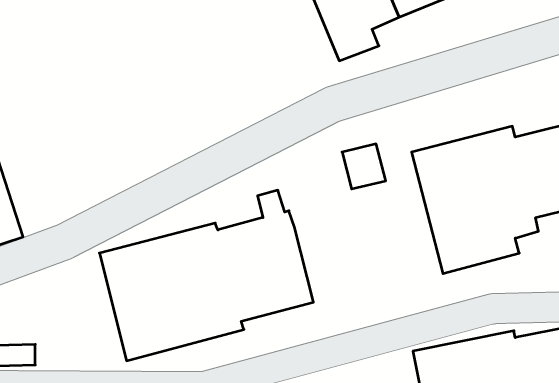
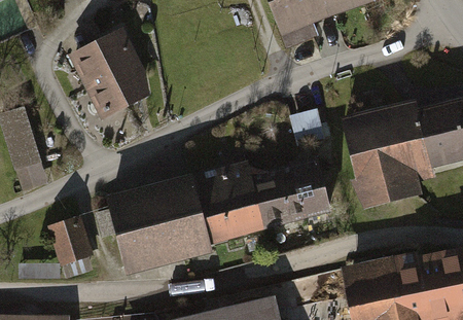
building: none -> [66,24,156,118]
building: none -> [252,157,329,230]
building: none -> [46,215,93,279]

